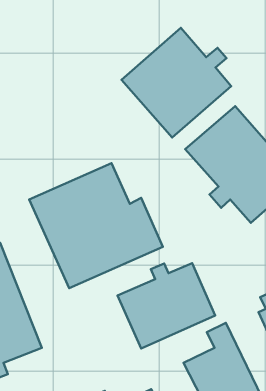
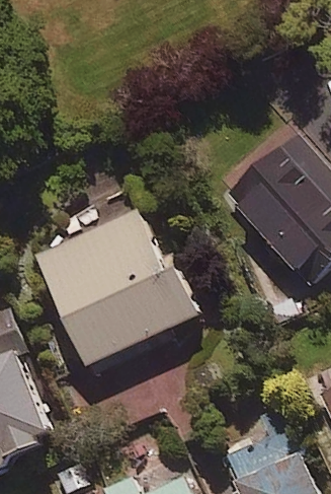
building: [122,28,231,138] -> none
building: [117,263,215,348] -> none

